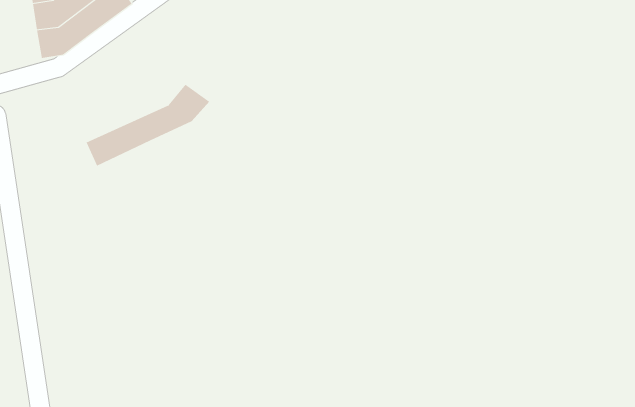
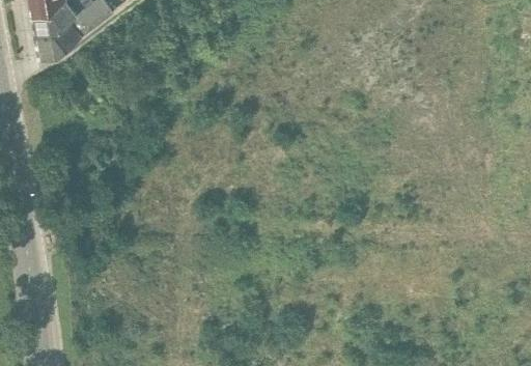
building: [86,84,210,166] -> none

